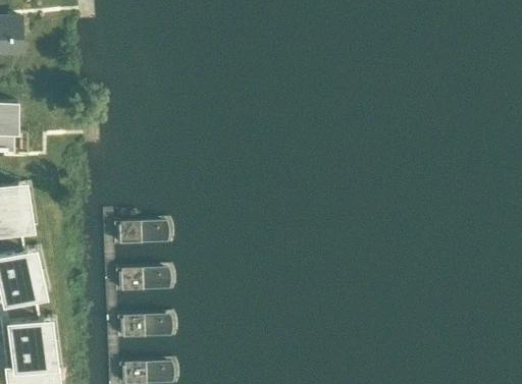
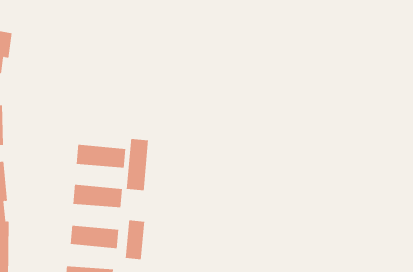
building: none -> [126,138,149,191]
building: none -> [125,219,145,260]

